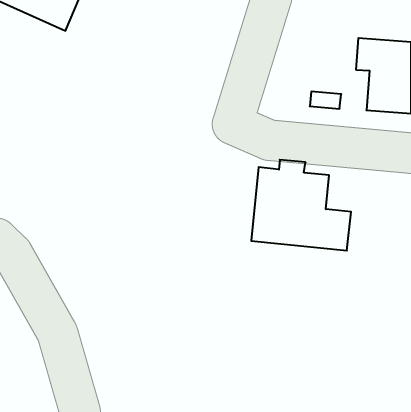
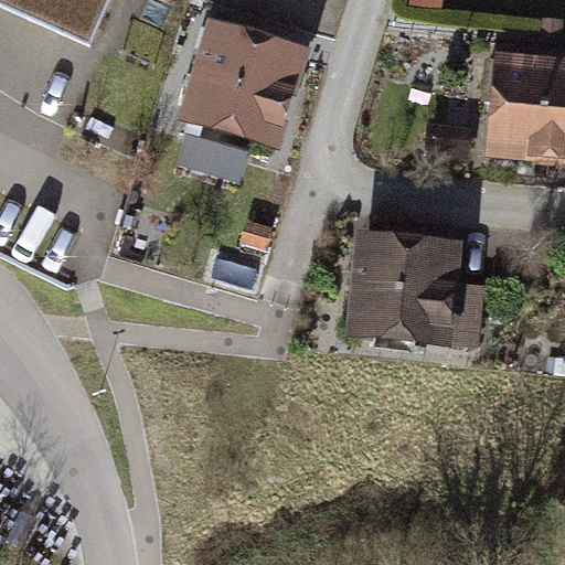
building: none -> [188,26,309,181]

